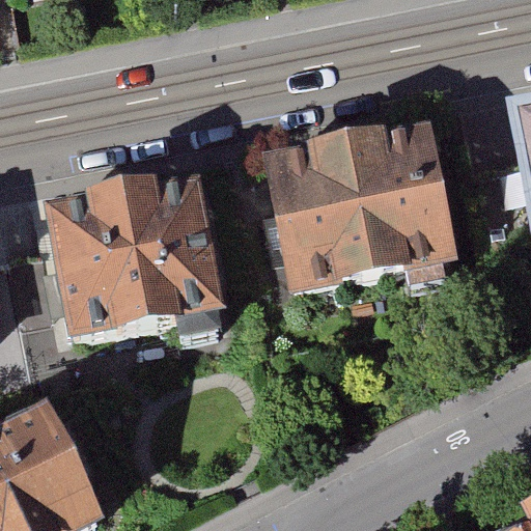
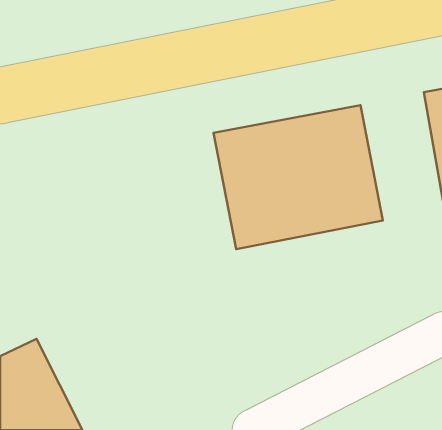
building: [45,177,223,340] -> none

